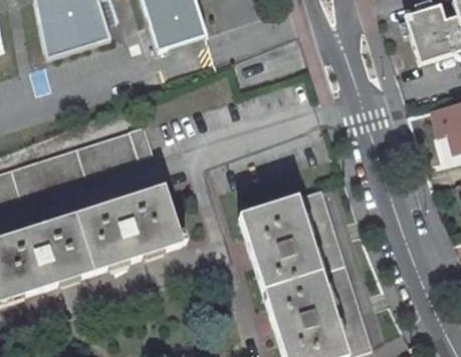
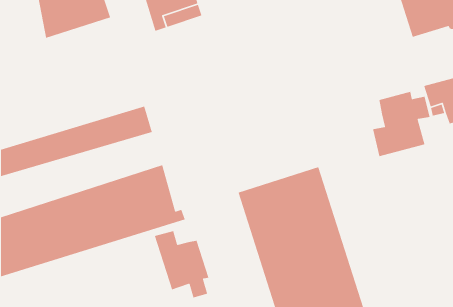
building: none -> [372,91,430,157]
building: none -> [154,230,209,299]

